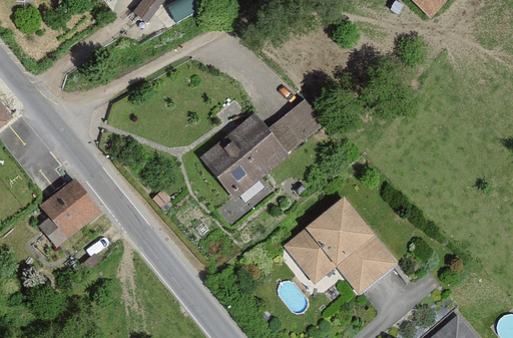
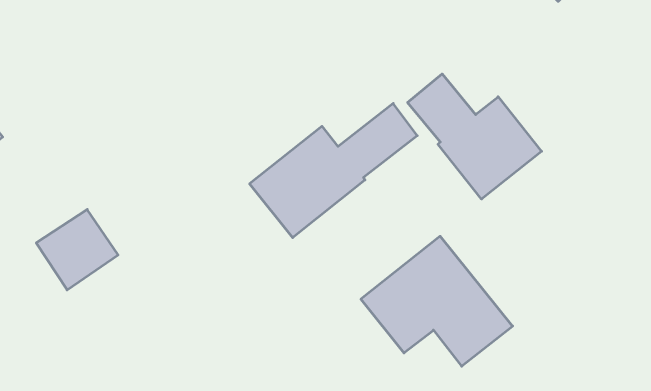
building: none -> [408,74,542,199]

